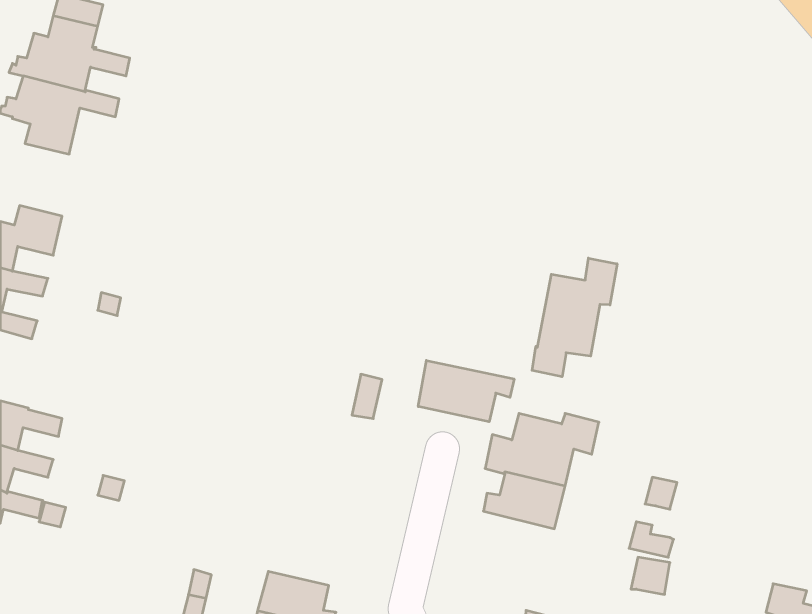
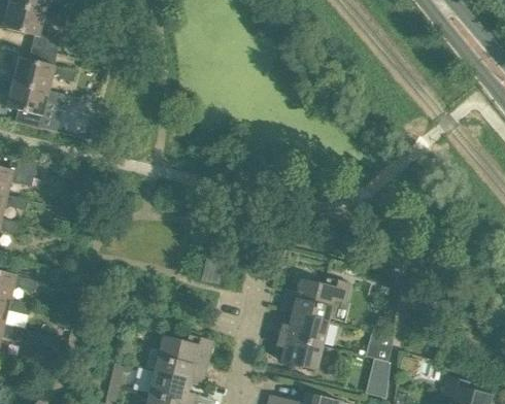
building: [532,258,617,377] -> none
building: [418,360,514,422] -> none
building: none -> [145,335,213,381]
building: none -> [277,335,322,370]

